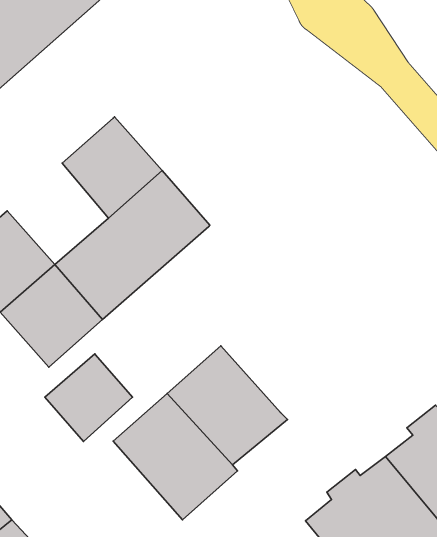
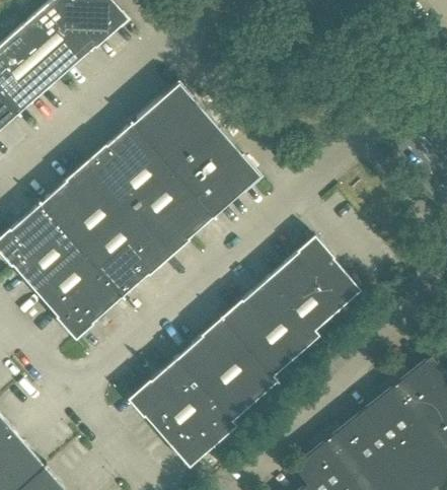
building: none -> [130,83,259,219]
building: none -> [41,163,127,250]
building: none -> [222,238,360,375]
building: [45,354,133,442] -> none

